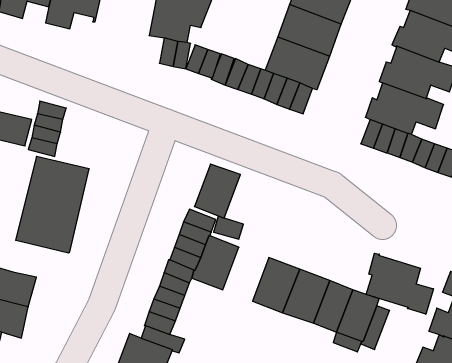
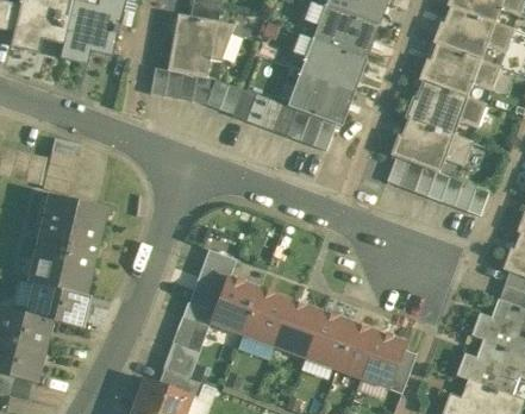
building: none -> [150,67,182,98]
building: [194,164,240,218] -> [243,288,290,344]
building: none -> [27,282,87,326]
building: [366,253,433,314] -> none

